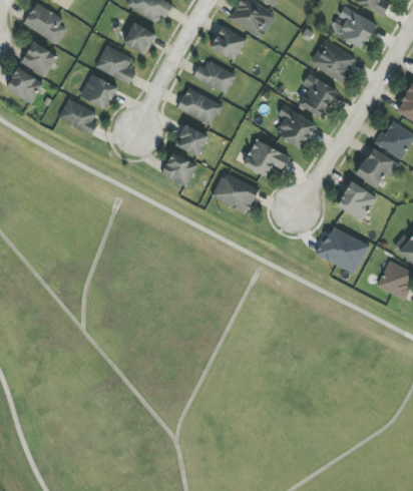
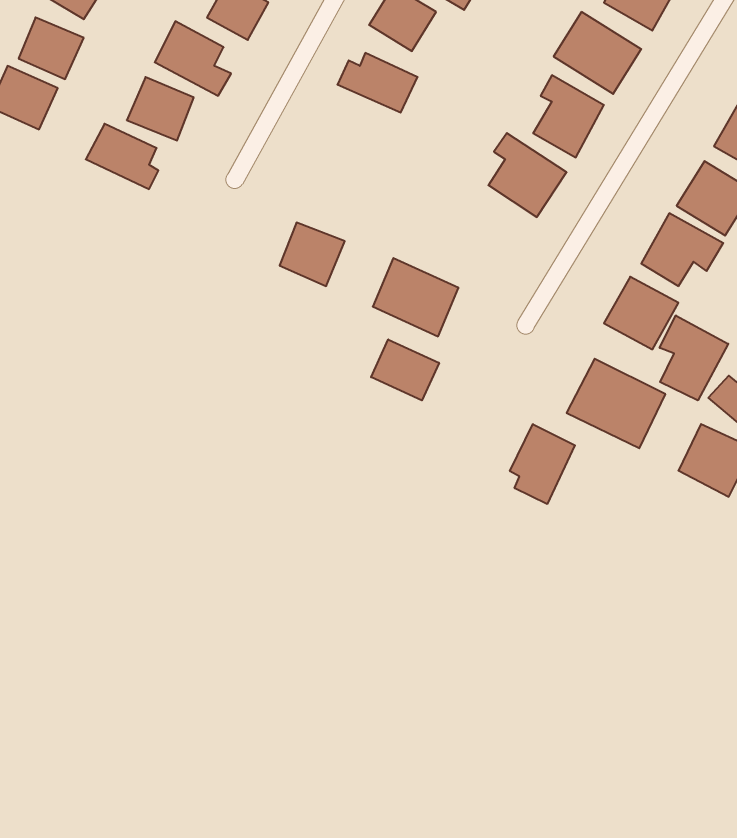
building: [177,88,223,125] -> none
building: [175,124,209,156] -> none
building: [244,139,290,175] -> none
building: none -> [660,315,728,400]
building: none -> [371,339,439,400]
building: none -> [510,424,575,504]

